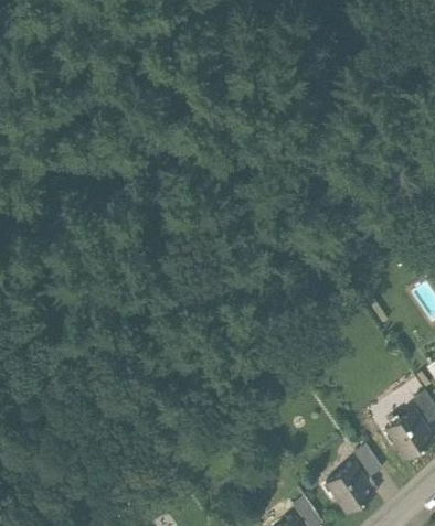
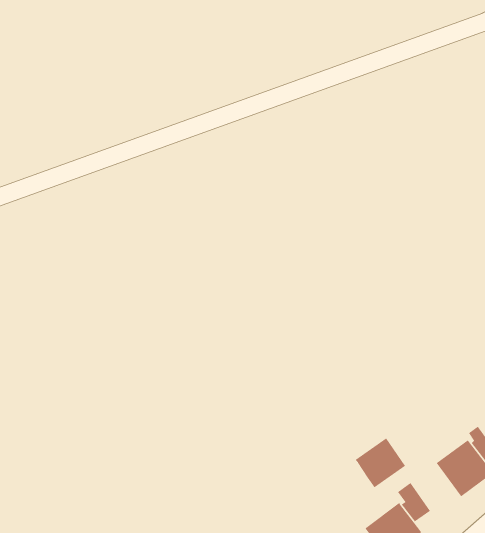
building: none -> [355,438,406,488]

